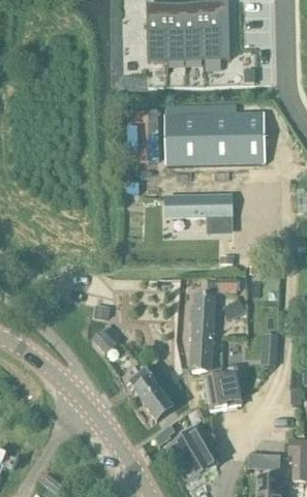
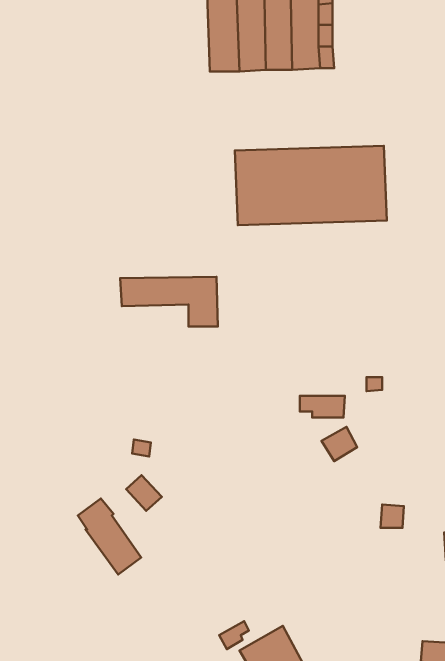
building: [165,195,231,228] -> [120,277,218,326]
building: [190,294,213,371] -> none
building: [128,368,171,418] -> [78,498,141,575]
building: [204,371,244,409] -> none

